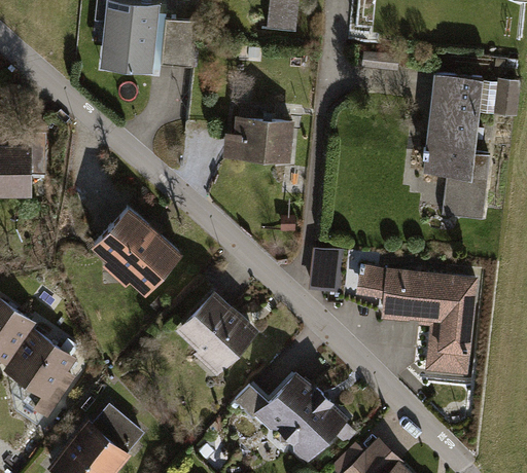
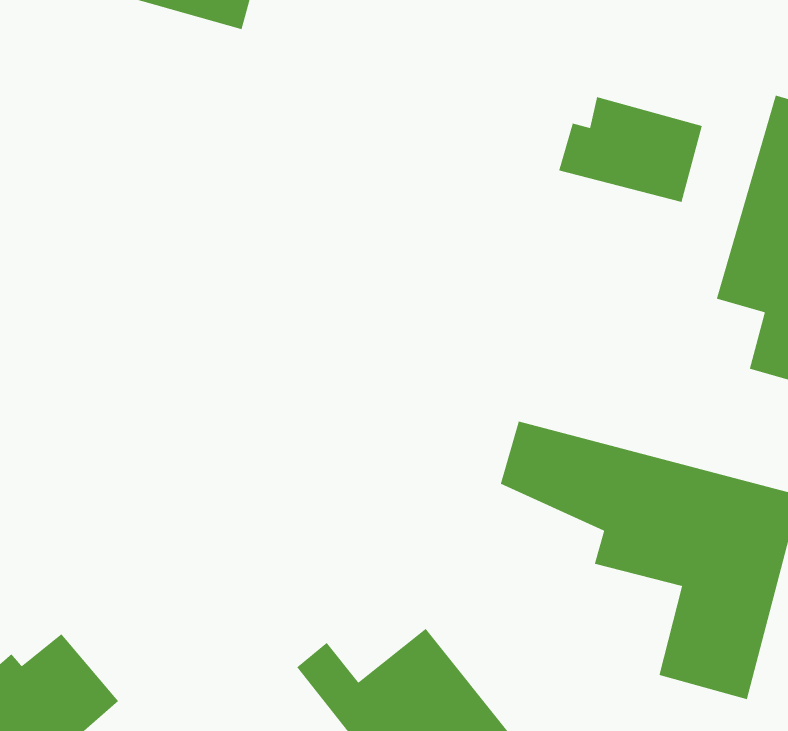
building: [223,117,293,165] -> [558,96,703,203]
building: [92,207,183,297] -> none
building: [173,289,259,374] -> none

